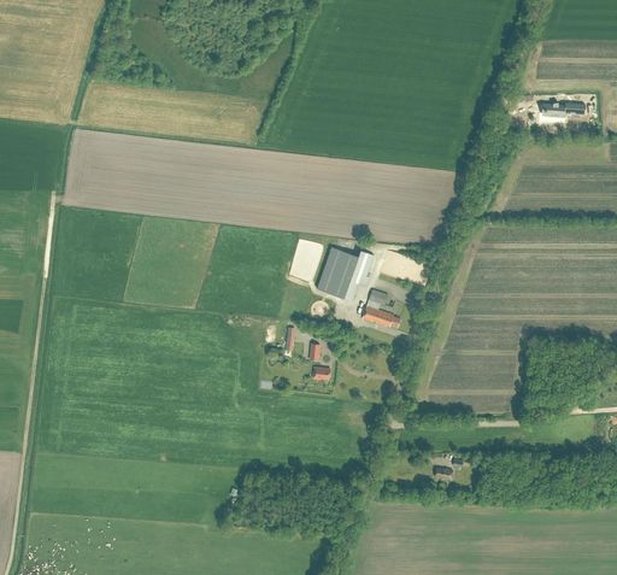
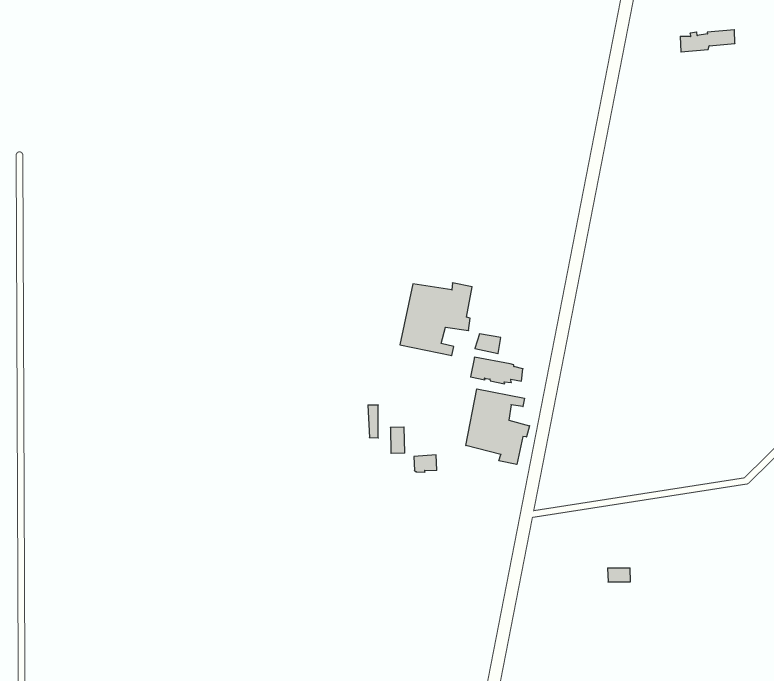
building: none -> [466,389,530,464]

